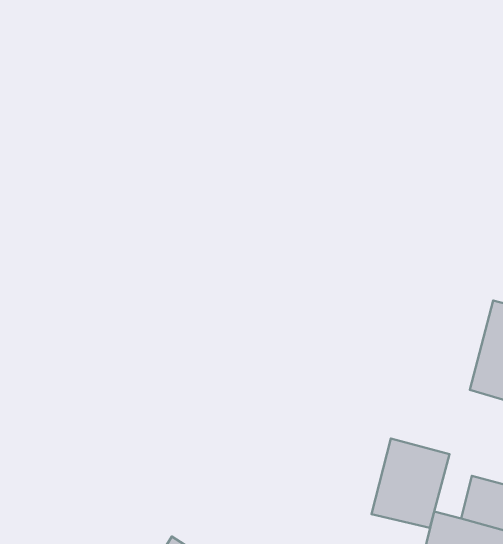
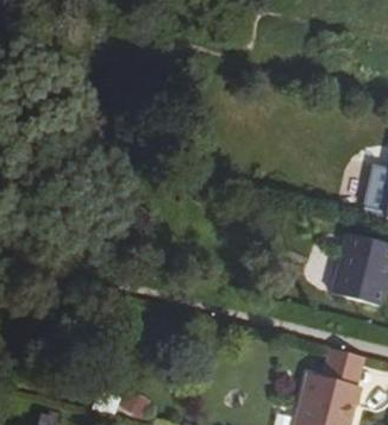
building: [371,439,450,528] -> none

